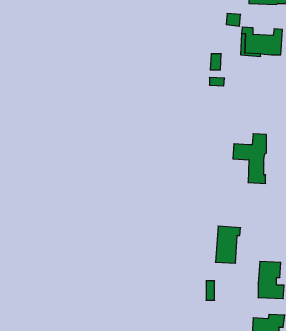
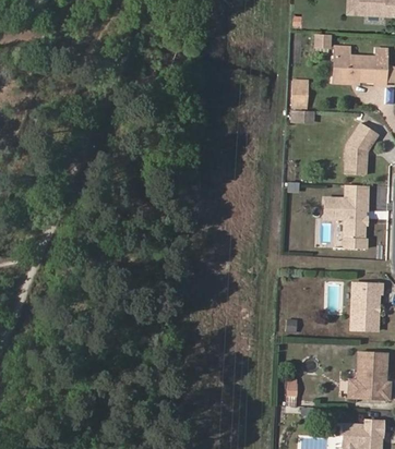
building: none -> [345,123,378,175]
building: [215,226,241,263] -> [344,282,376,330]

